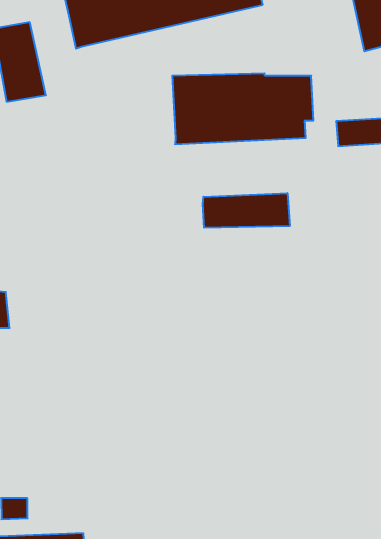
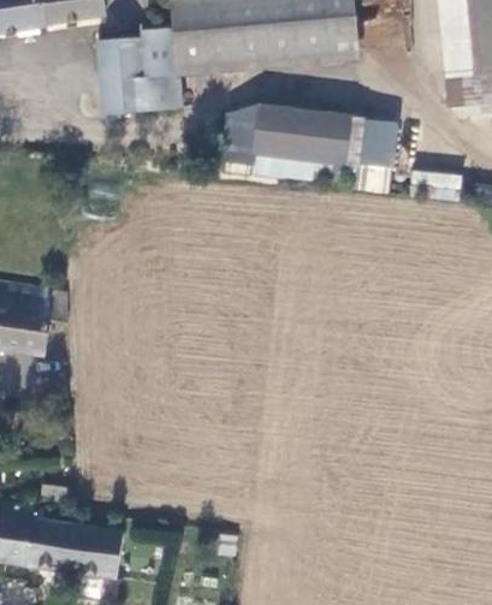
building: none -> [132,31,183,105]
building: none -> [226,102,262,162]
building: [203,193,290,228] -> none

